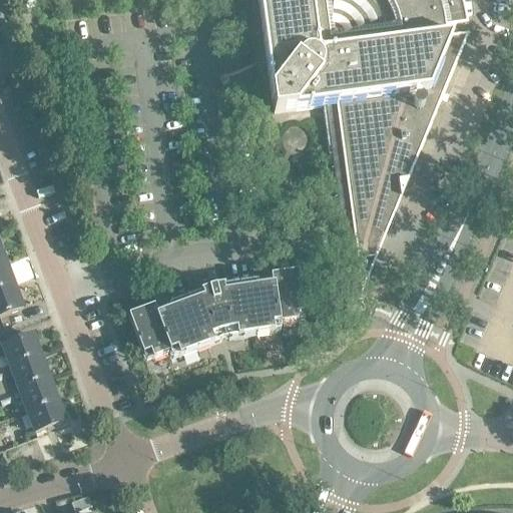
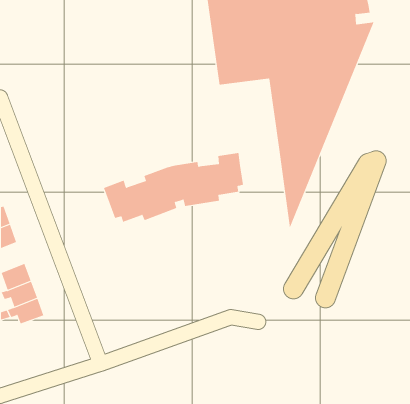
building: [128,266,304,353] -> [103,153,244,223]
building: [26,393,65,426] -> none

